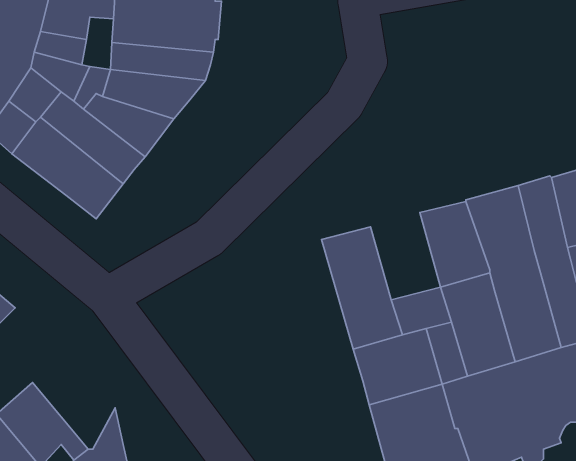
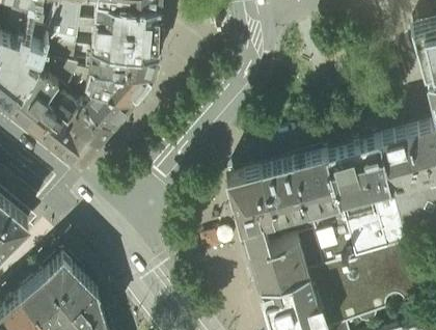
building: none -> [260,160,305,217]
building: none -> [38,252,92,314]

